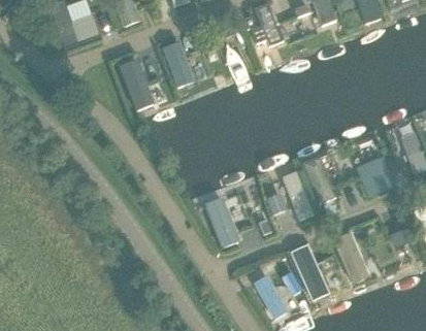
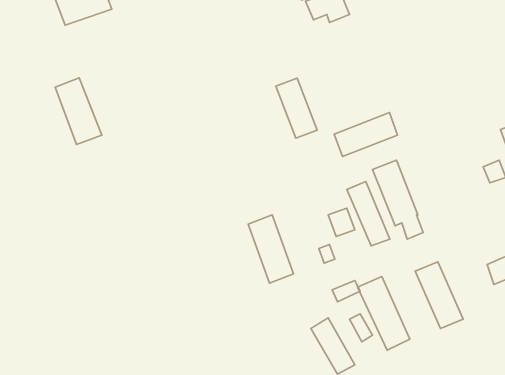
building: [162,39,194,86] -> [276,78,317,138]
building: [119,59,155,110] -> [55,78,102,145]
building: none -> [334,113,398,157]
building: [356,154,394,195] -> none

